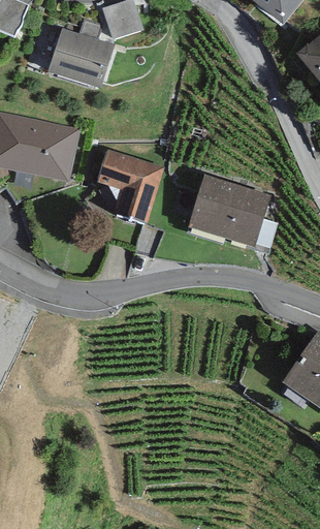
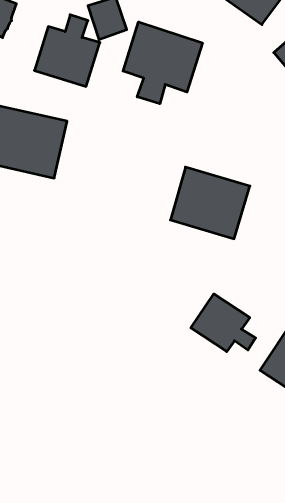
building: none -> [123,22,202,104]
building: [97,149,164,222] -> none
building: none -> [191,294,256,352]

